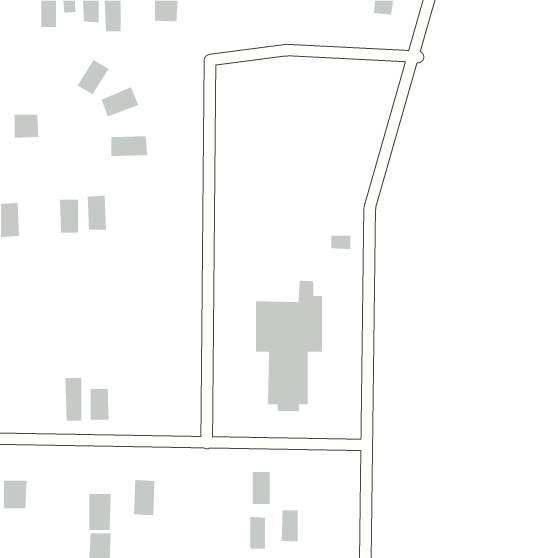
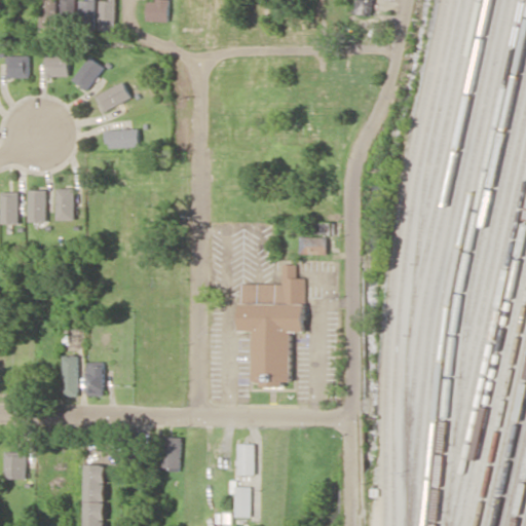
building: none -> [44,54,68,77]
building: [14,114,39,138] -> [5,55,29,78]
building: [87,195,107,230] -> [28,189,46,222]
building: none -> [297,236,325,254]
building: [133,480,155,516] -> [160,437,181,471]
building: [281,509,298,542] -> none

